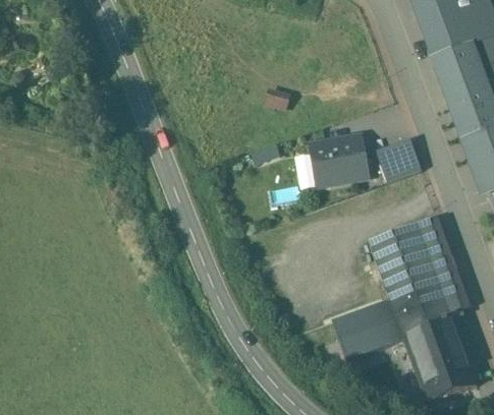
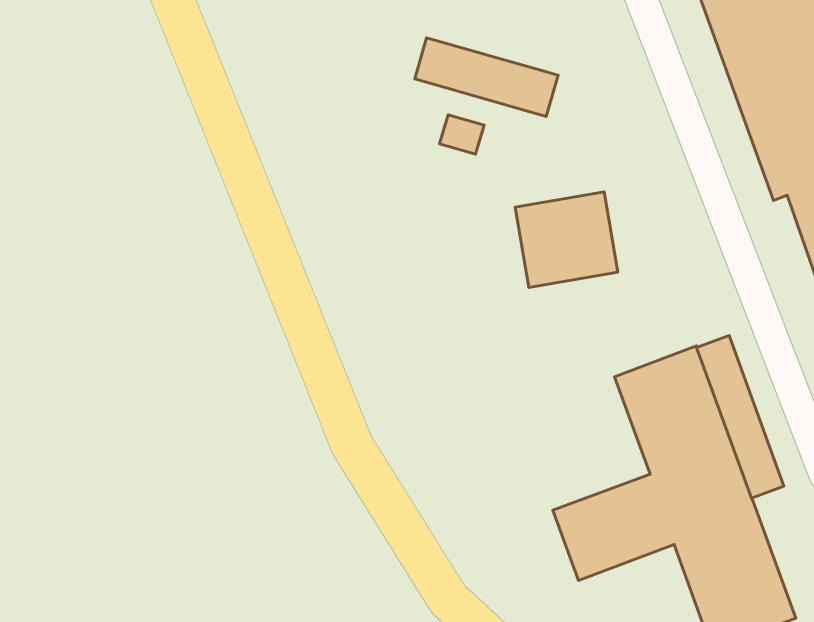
building: none -> [415,38,558,116]
building: [377,137,422,182] -> none

